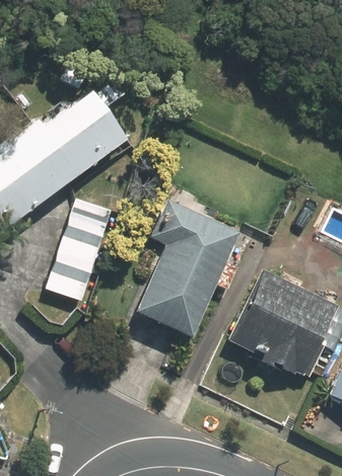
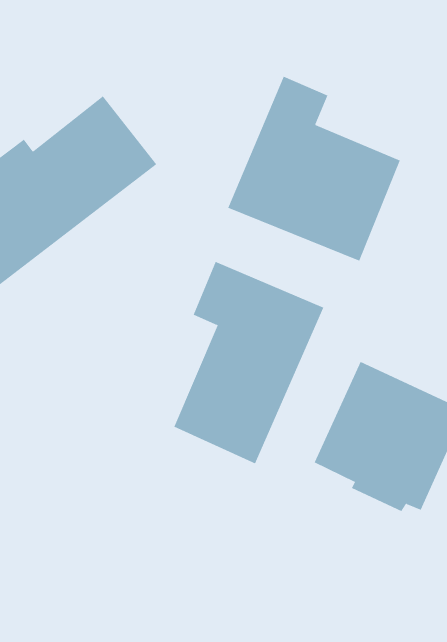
building: none -> [227,76,401,262]
building: [46,199,113,301] -> none

